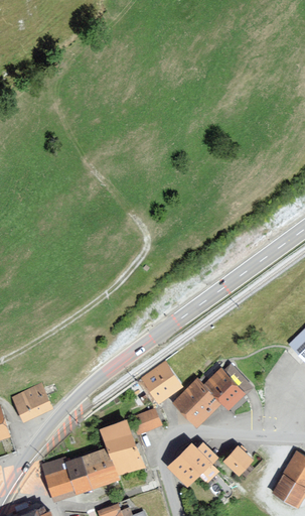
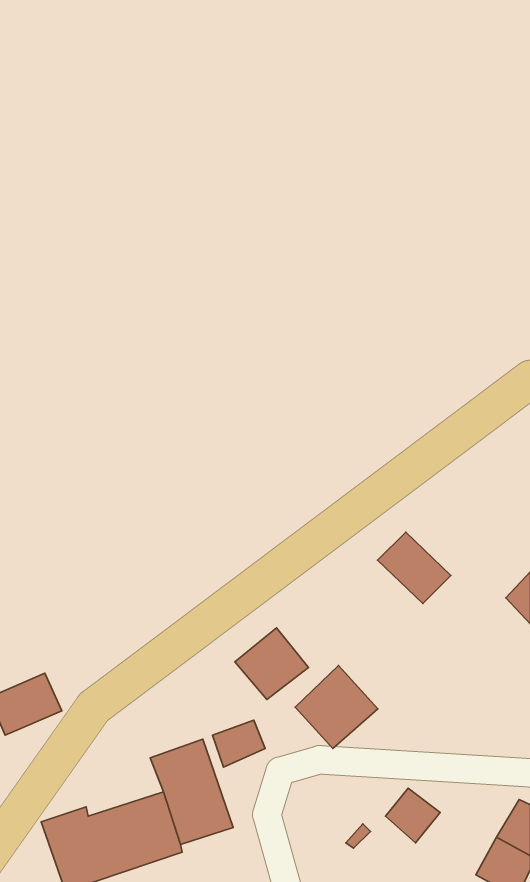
building: [205,369,245,407] -> [378,532,451,604]
building: [167,444,210,489] -> none

